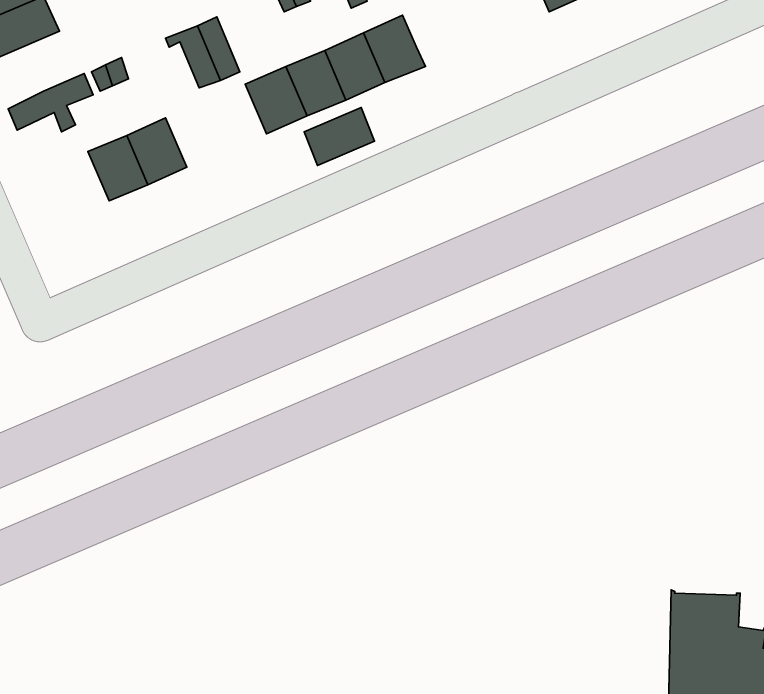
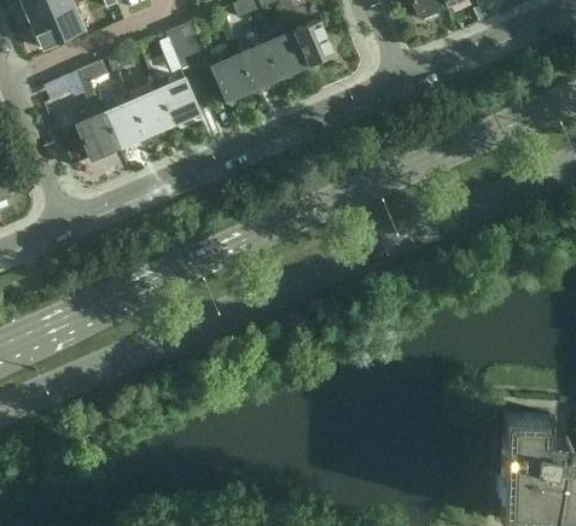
building: none -> [156,80,197,124]
building: [304,107,374,166] -> none
building: none -> [75,113,117,159]

